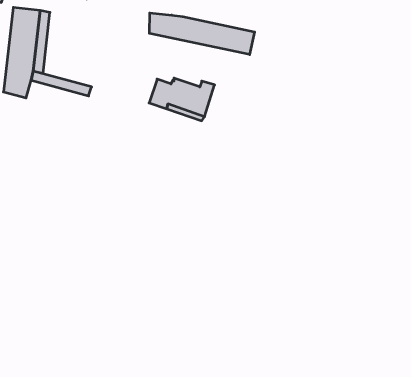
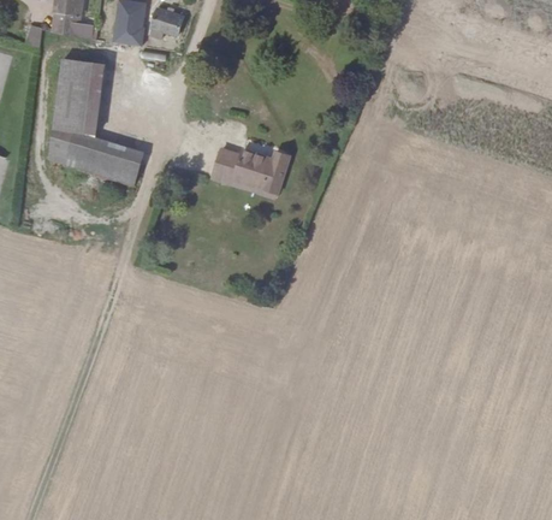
building: [149,13,255,55] -> none
building: none -> [67,143,143,185]

